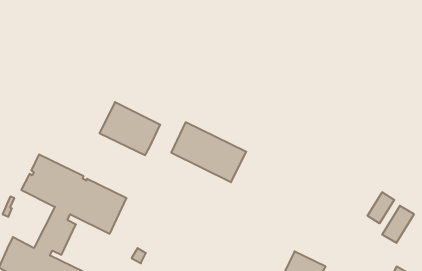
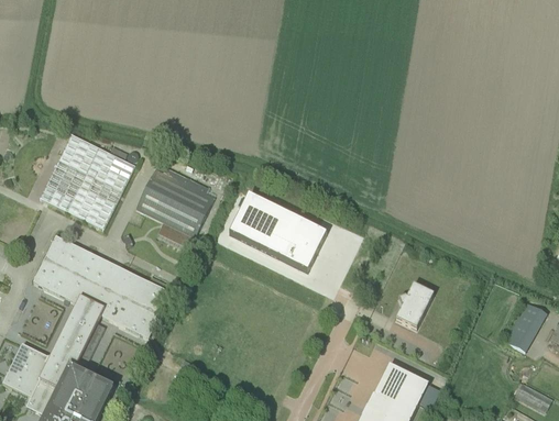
building: none -> [40,133,135,229]
building: none -> [396,282,434,328]
building: [368,192,394,223] -> none

